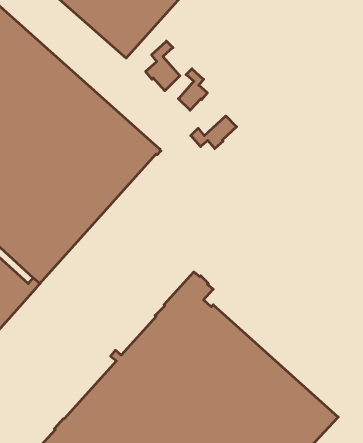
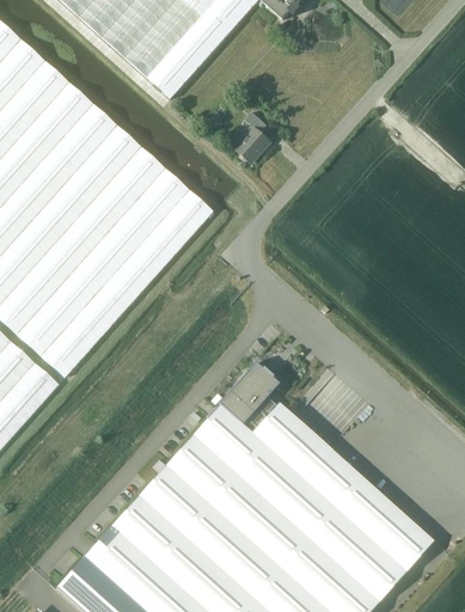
building: [146,41,180,91] -> none
building: [191,116,237,149] -> none

